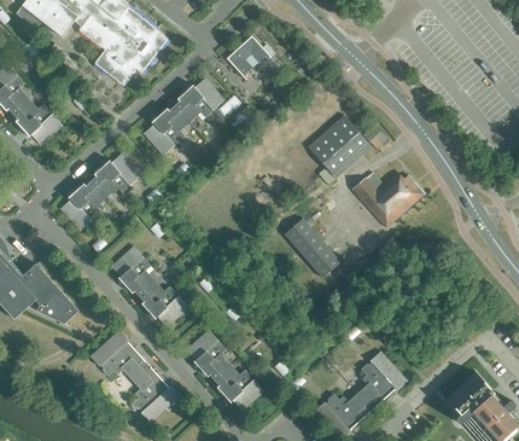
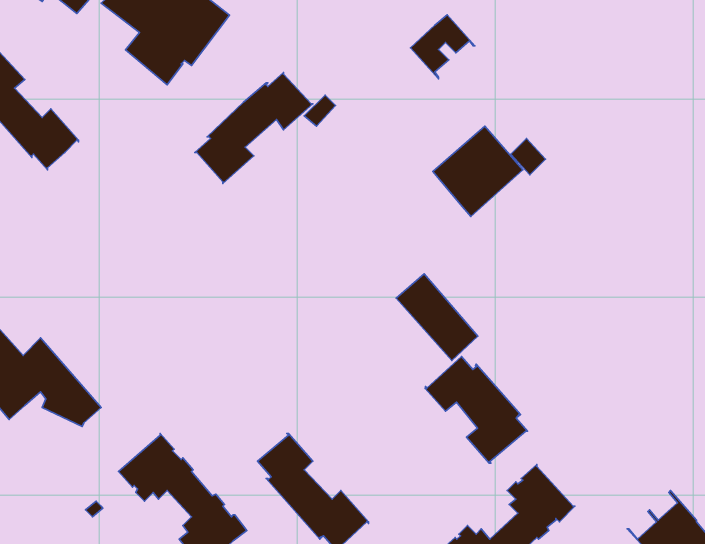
building: [226,35,270,80] -> [411,15,475,79]
building: [59,152,140,231] -> none
building: [350,170,424,227] -> none
building: [110,245,188,327] -> none
building: none -> [425,356,527,463]

